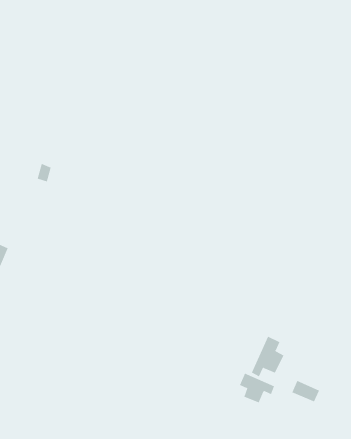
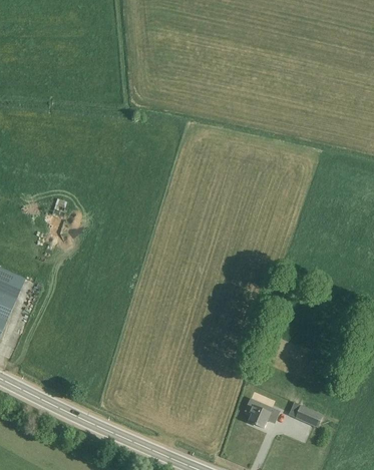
building: [251,336,284,377] -> none

